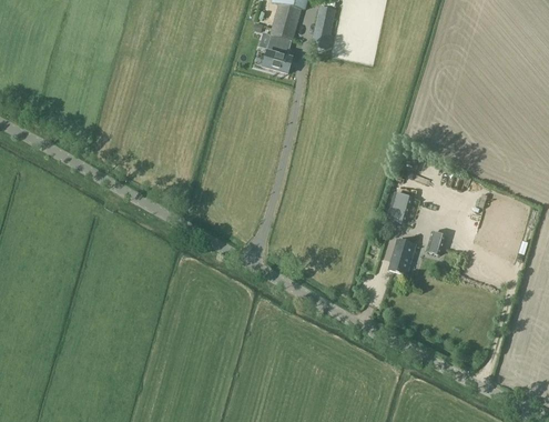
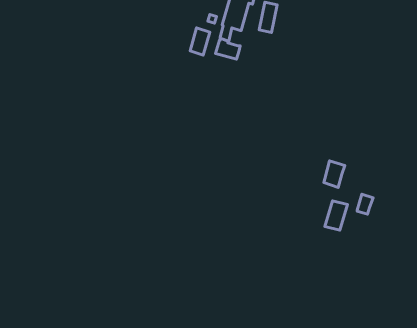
building: none -> [190,28,210,55]

